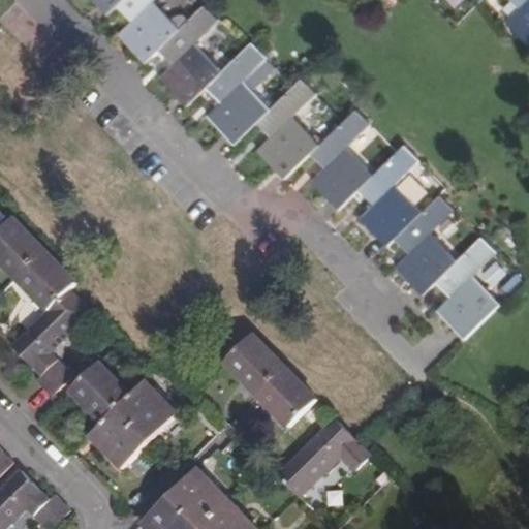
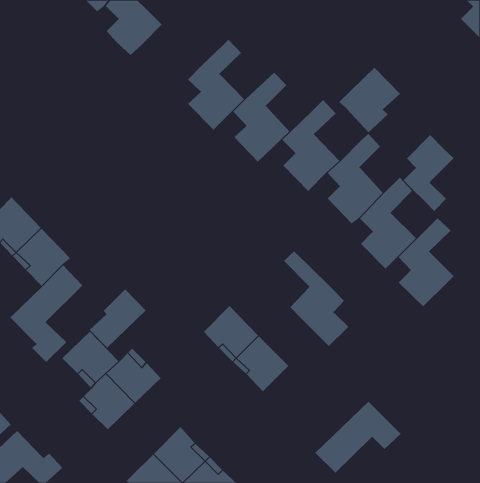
building: [156,5,220,105] -> none
building: none -> [338,67,401,133]
building: none -> [403,134,454,212]
building: none -> [283,250,349,347]
building: none -> [89,288,147,349]
building: [276,418,371,498] -> [315,401,401,474]

